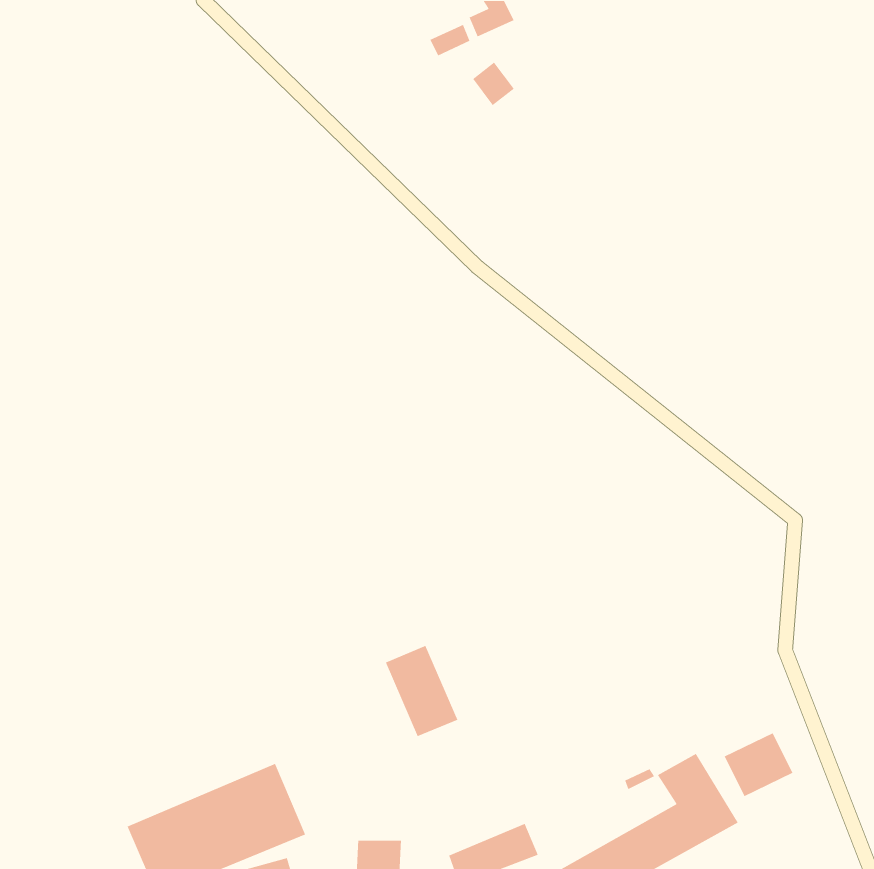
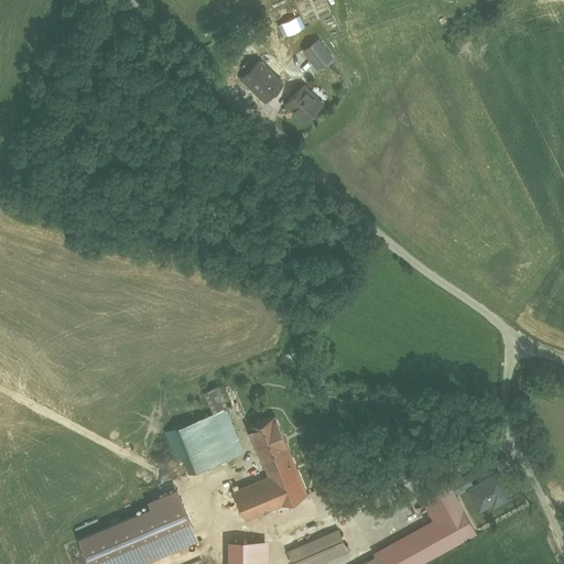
building: none -> [241,57,283,105]
building: none -> [285,87,322,126]
building: none -> [165,414,235,476]
building: none -> [234,467,307,523]

